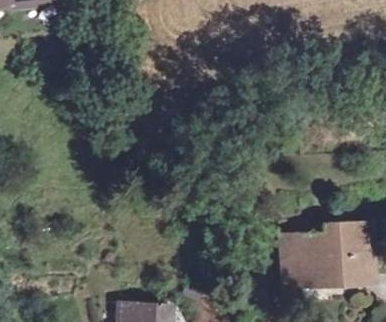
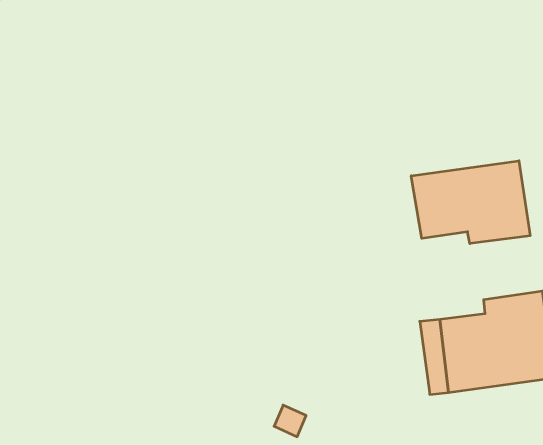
building: none -> [411,161,530,244]

